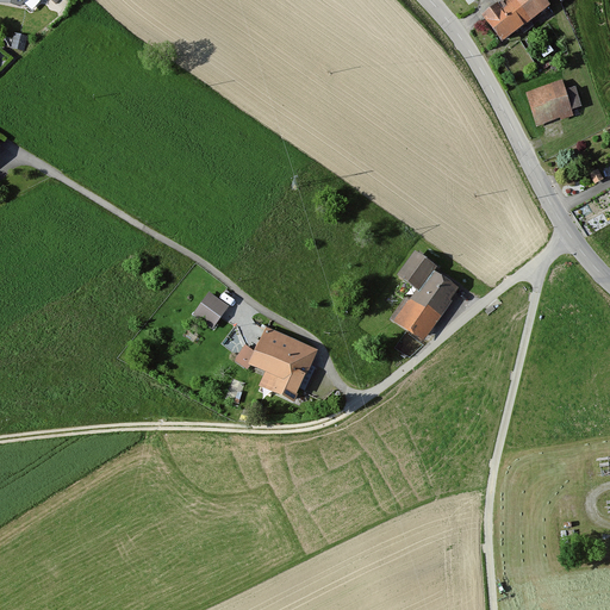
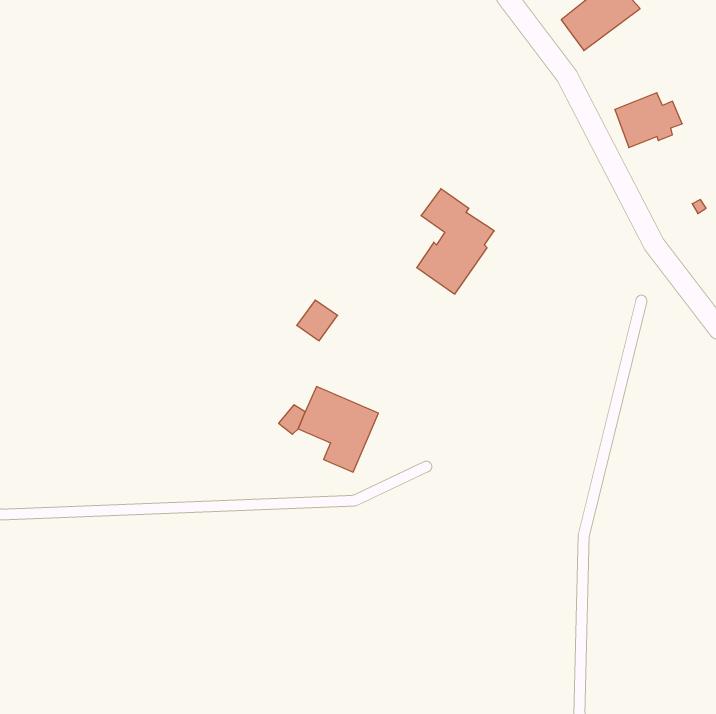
building: [390,251,455,341] -> [417,189,494,294]
building: [198,293,232,328] -> [297,300,338,341]

